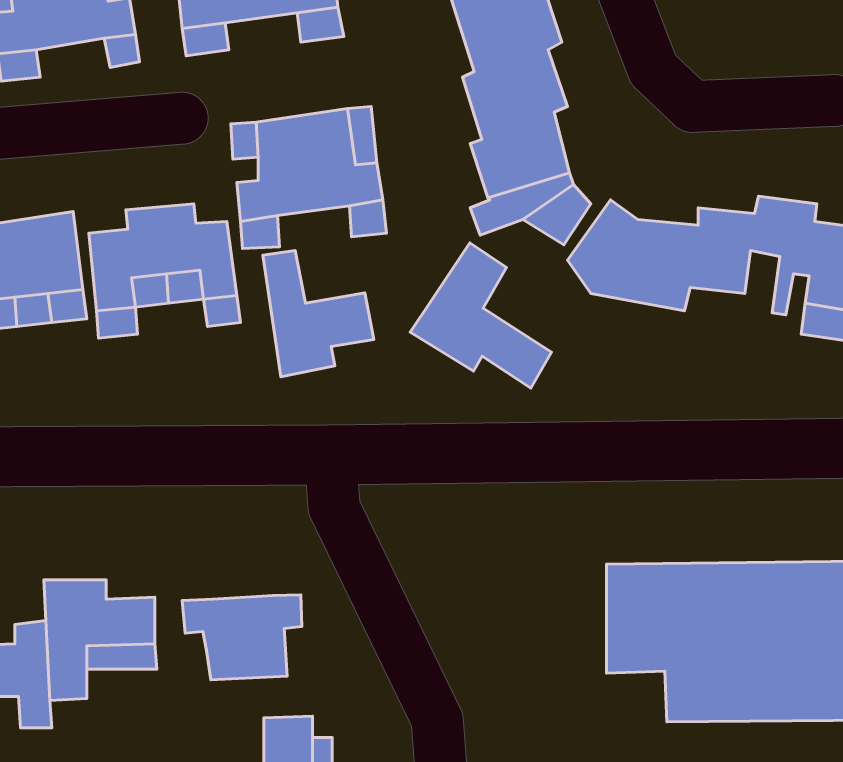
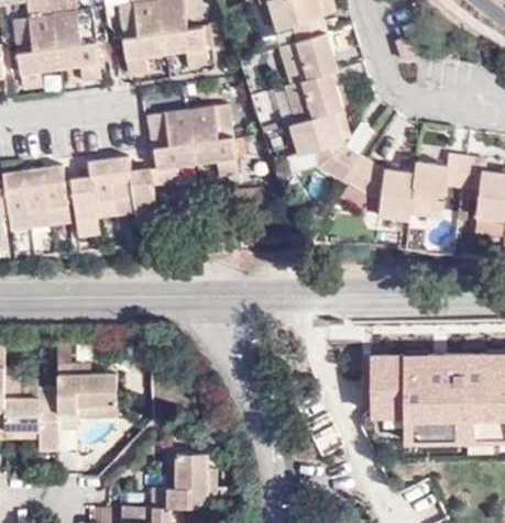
building: [410,243,552,388] -> none
building: [263,250,374,377] -> none
building: [182,595,302,680] -> none

